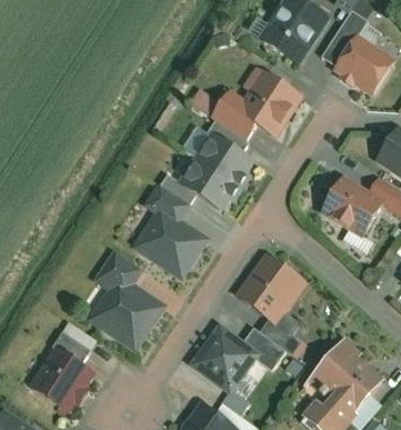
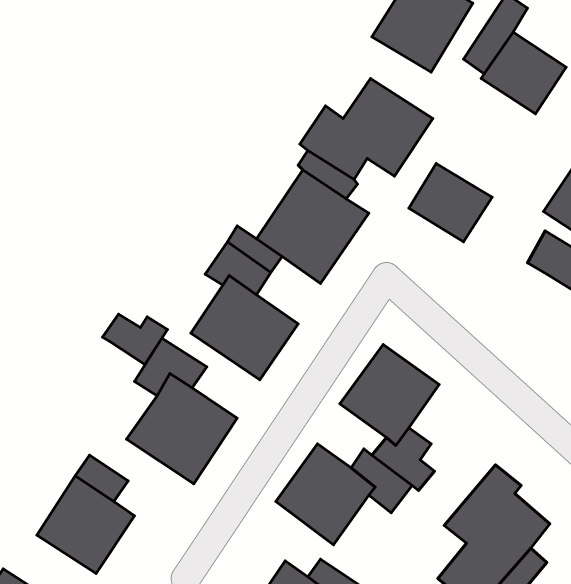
building: [322,181,380,236] -> [409,163,492,242]
building: none -> [102,314,167,364]

